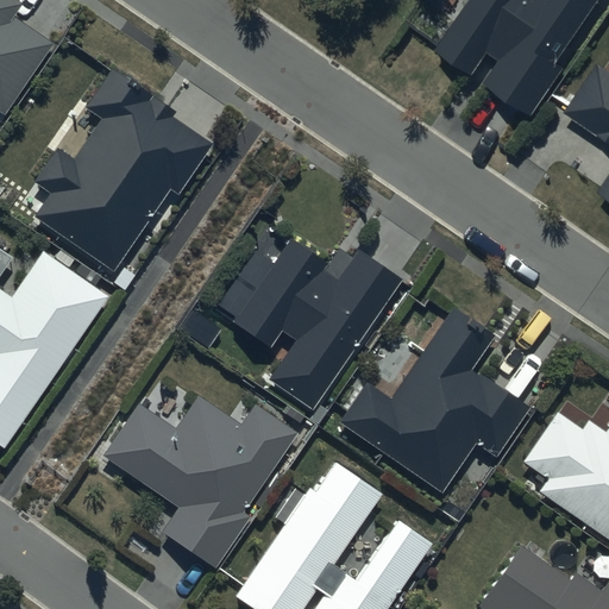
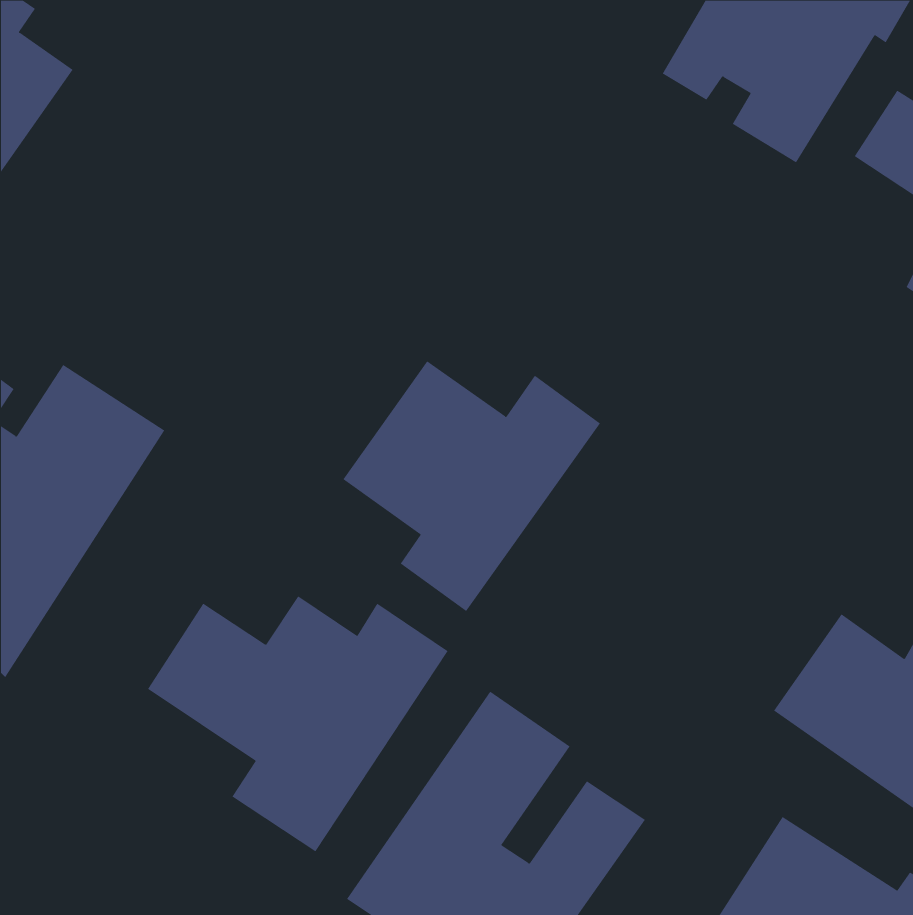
building: [29,73,208,272] -> none
building: [338,310,528,492] -> none

